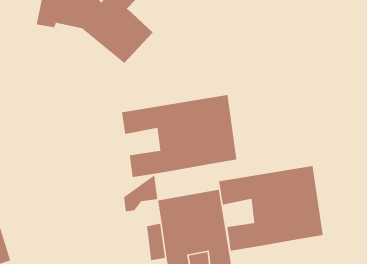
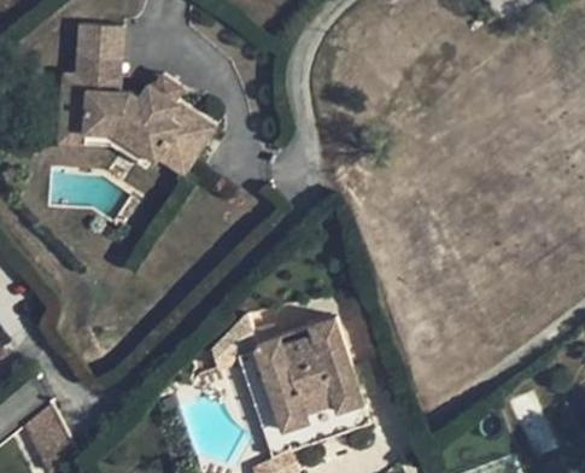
building: [121,94,238,178] -> none
building: [218,165,324,251] -> none

